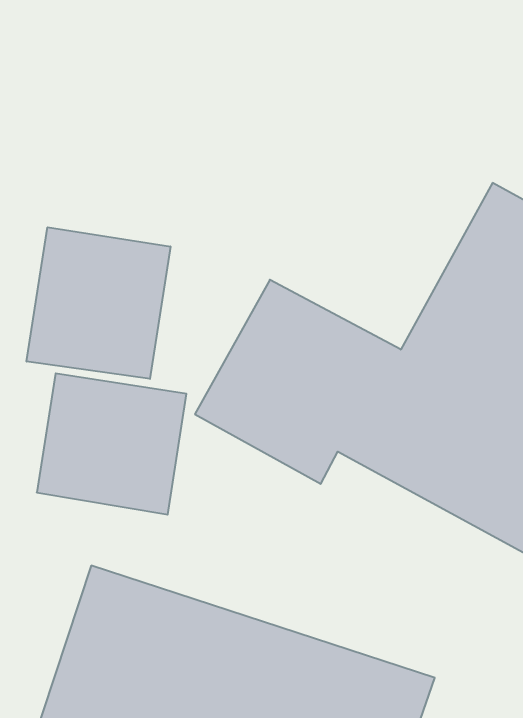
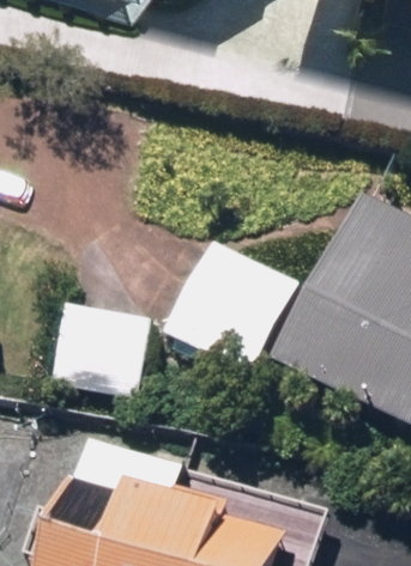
building: [27,227,170,379] -> none

